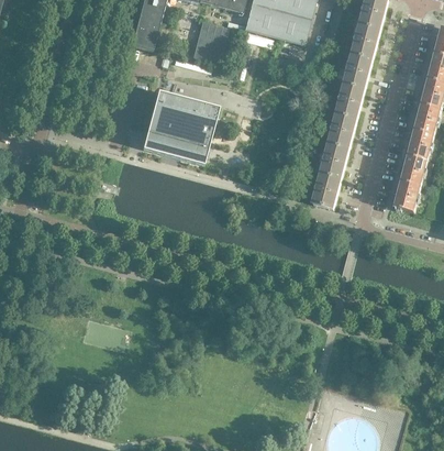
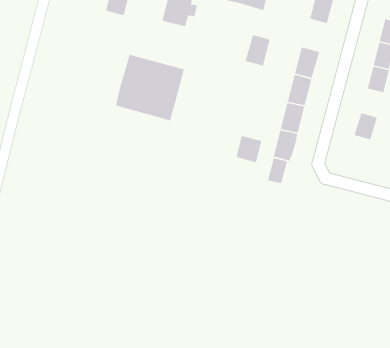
building: [344,53,373,88] -> [244,34,271,66]
building: [409,129,434,160] -> none
building: none -> [235,135,262,163]
building: [395,179,420,211] -> none
building: none -> [267,157,288,184]

